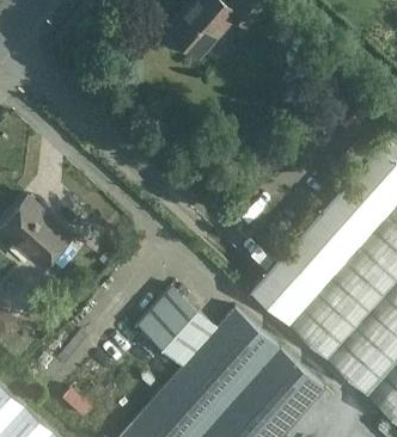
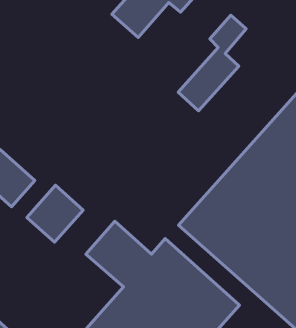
building: none -> [178,15,246,111]
building: none -> [27,185,83,242]

